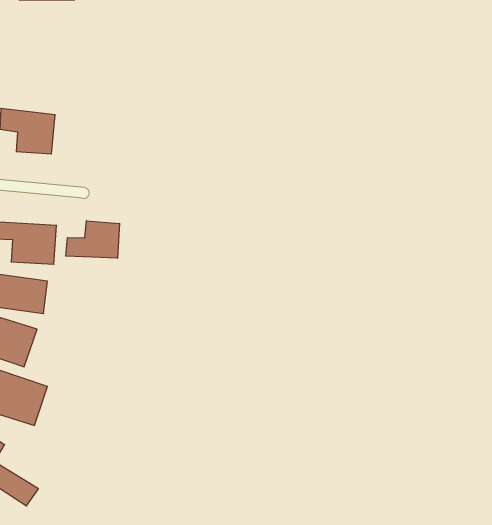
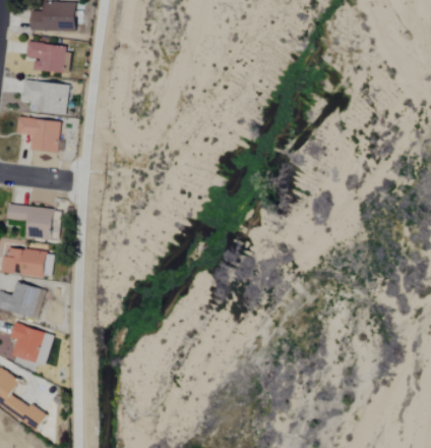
building: none -> [25,42,70,74]
building: none -> [21,80,69,116]
building: [66,221,119,258] -> none

